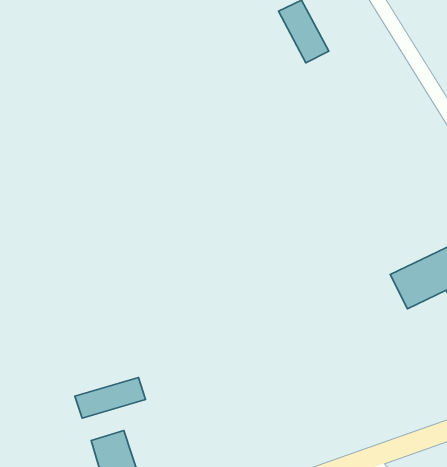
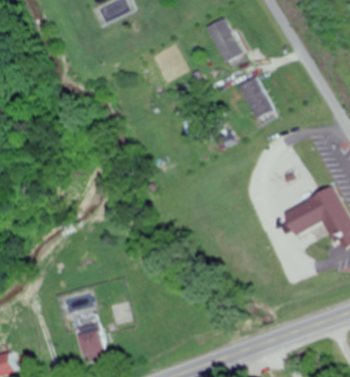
building: none -> [235,75,274,123]
building: [75,377,146,418] -> none

